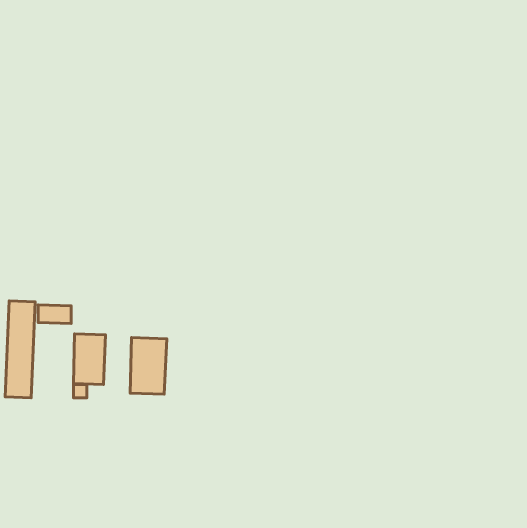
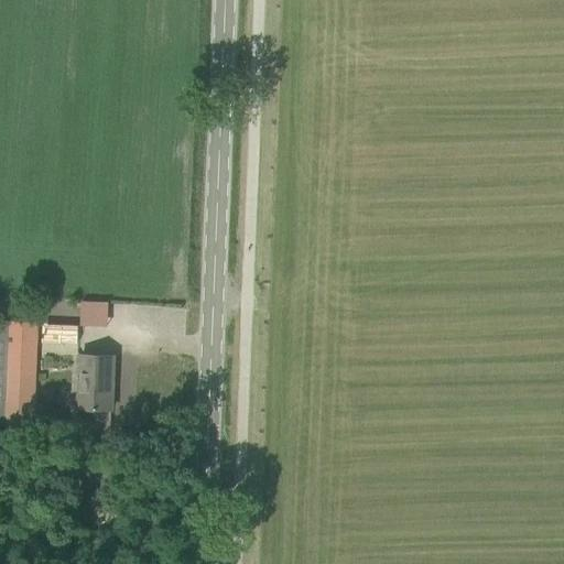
building: none -> [78,300,106,324]
building: [130,338,167,394] -> none

